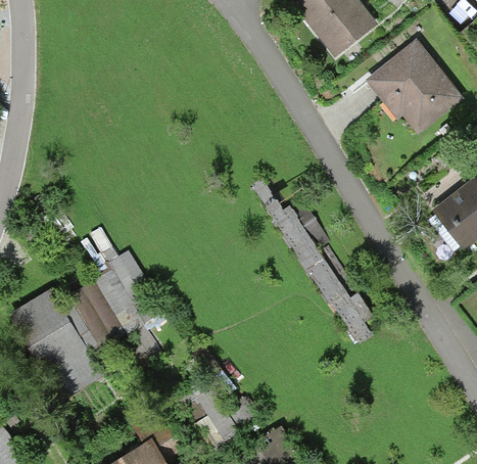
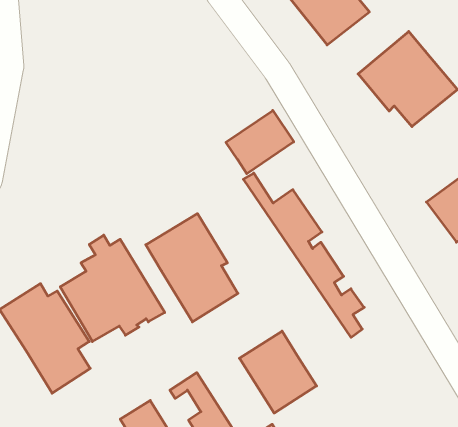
building: none -> [226,110,294,174]
building: none -> [146,214,238,322]
building: none -> [239,331,317,413]

